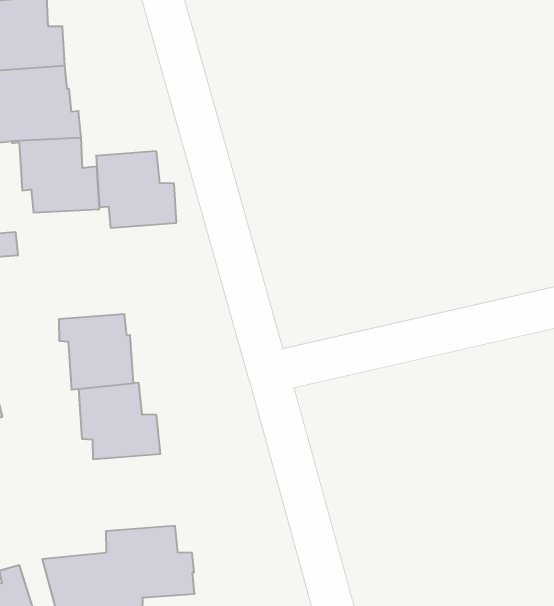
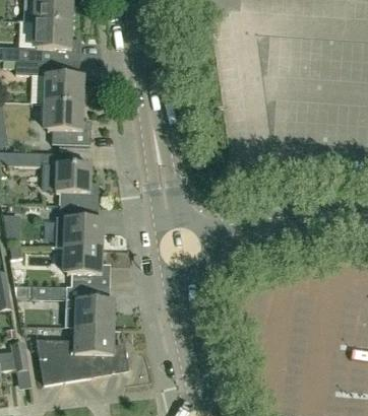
building: [96,151,176,228] -> [55,163,99,206]
building: none -> [30,285,114,329]

